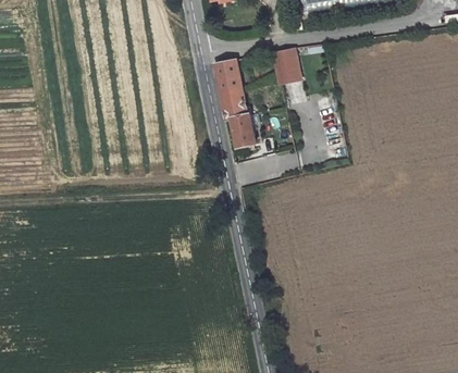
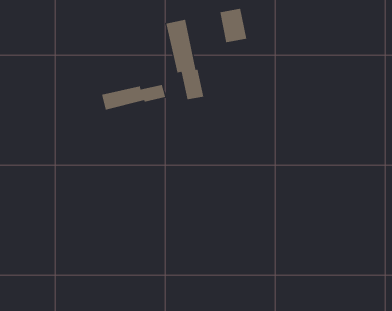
building: none -> [101,84,166,110]

